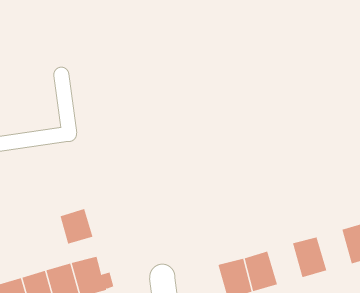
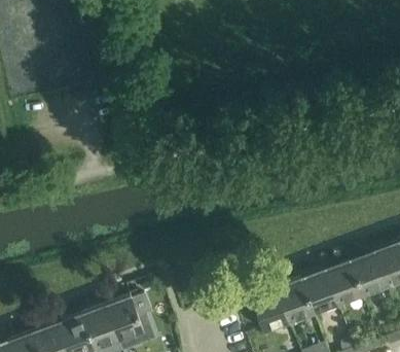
building: [60,208,93,244] -> none
building: none -> [350,252,386,294]
building: none -> [301,270,337,312]

